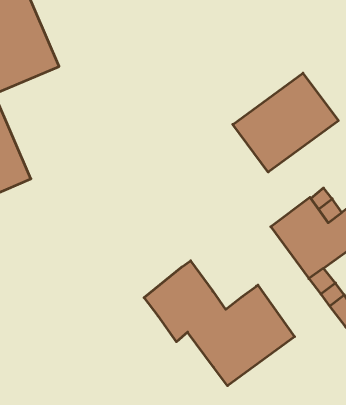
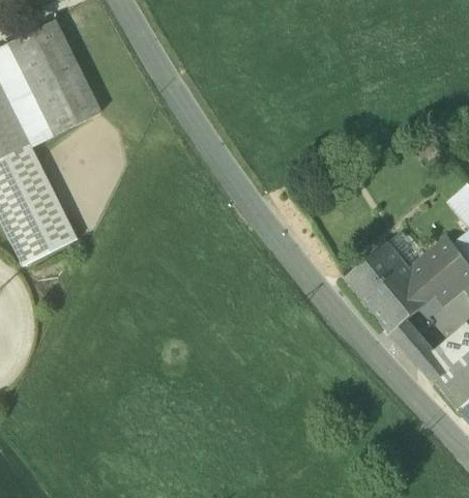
building: [233,73,338,172] -> none
building: [144,261,295,386] -> none

